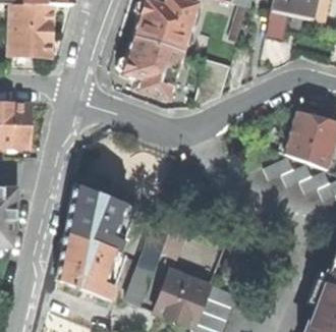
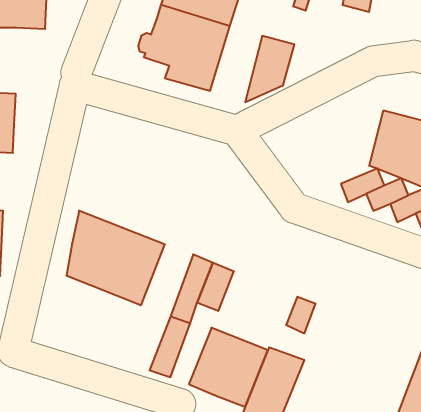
building: [57,232,126,300] -> none

